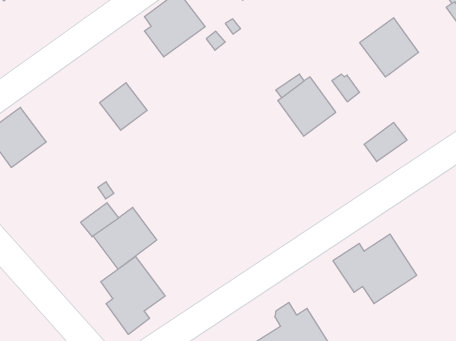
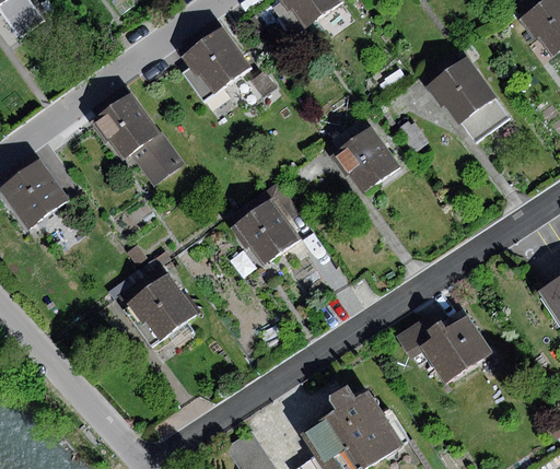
building: none -> [91,91,161,160]
building: [364,123,407,162] -> [463,95,512,140]
building: none -> [234,198,300,263]
building: [101,256,165,334] -> none

